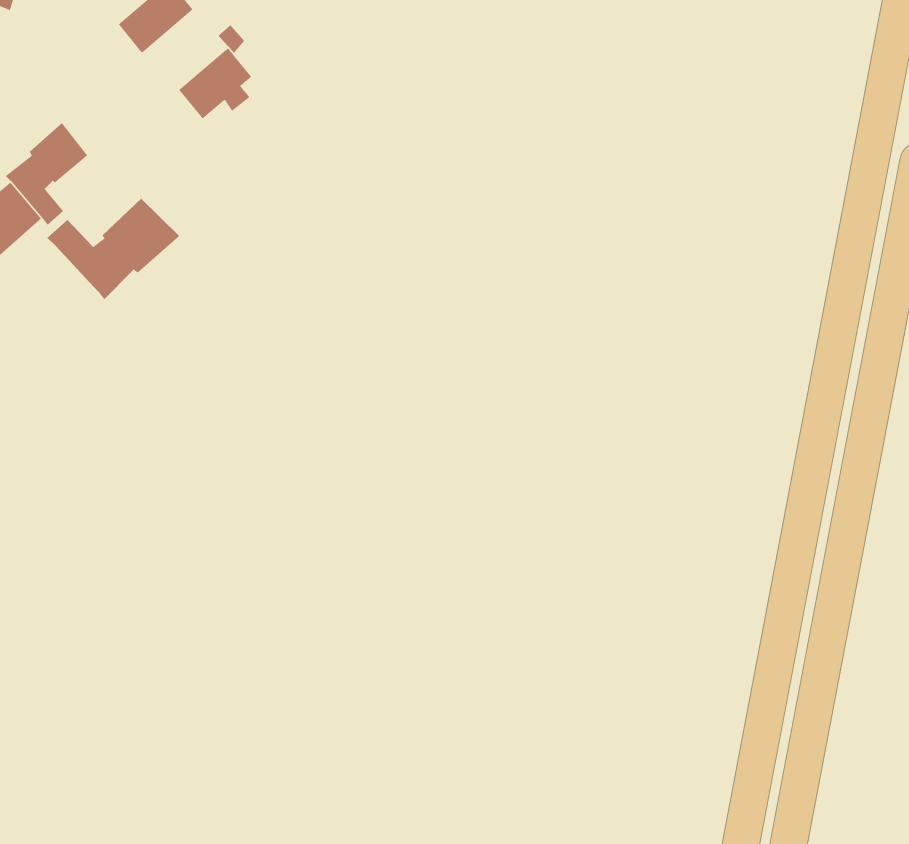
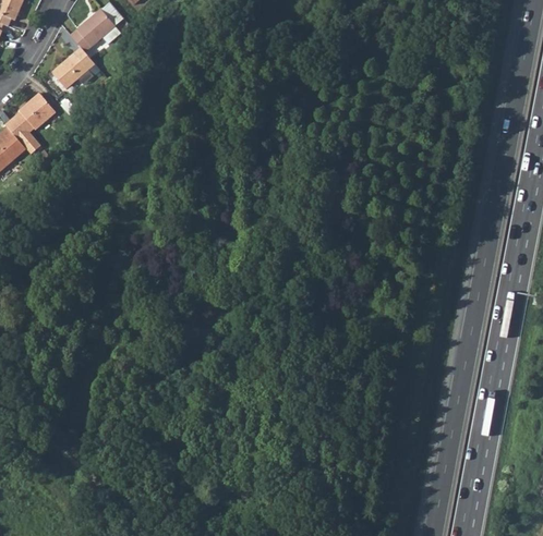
building: [178,47,252,119] -> [51,47,95,89]
building: [47,198,180,300] -> none

